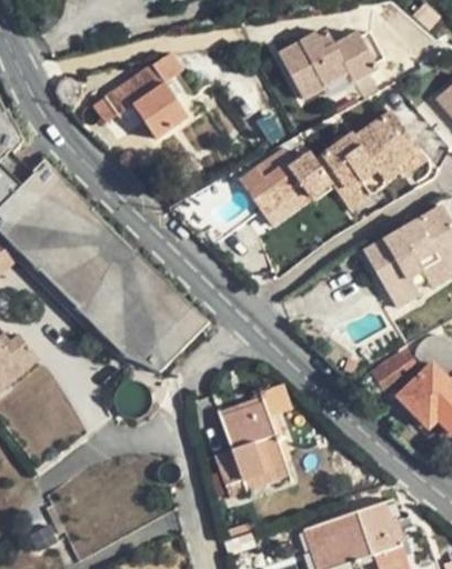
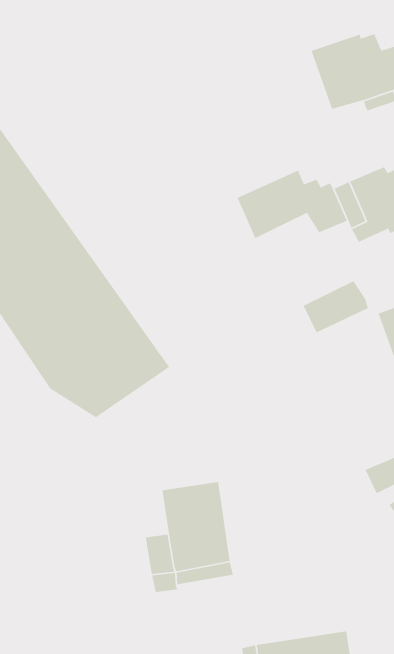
building: [96,52,188,138] -> none
building: [259,183,311,230] -> [302,280,369,333]

